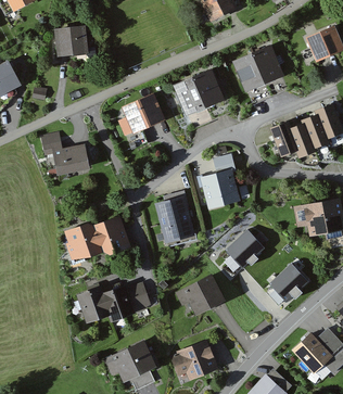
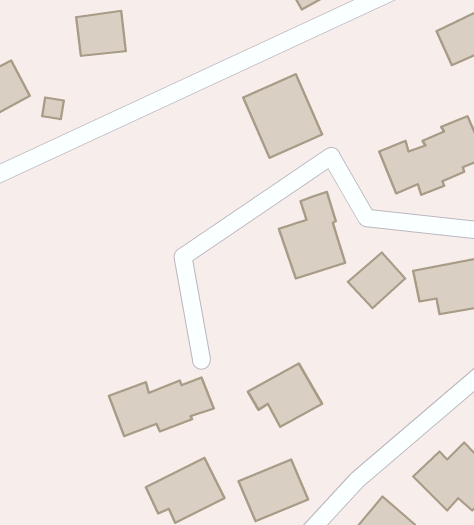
building: [232,46,289,105] -> none
building: [118,94,165,153] -> none
building: [40,139,90,177] -> none
building: [151,192,192,240] -> none
building: [64,217,129,262] -> none
building: [220,226,261,265] -> [348,252,405,308]
building: [264,258,307,301] -> none

